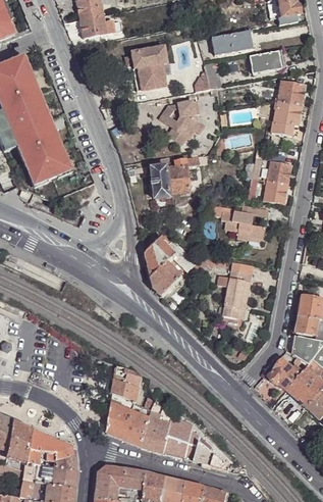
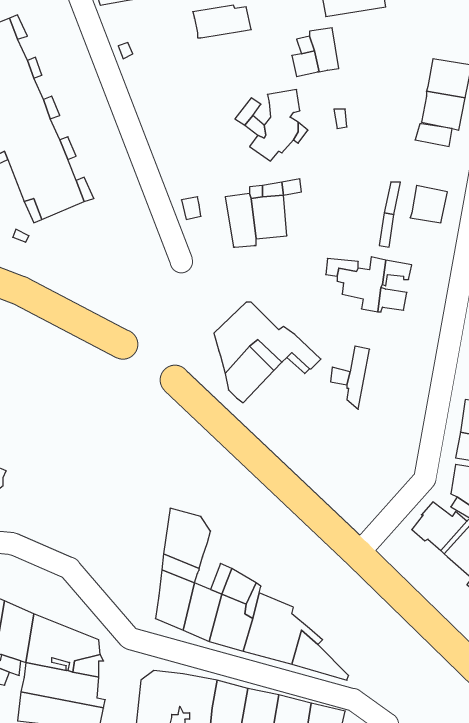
building: [250,51,282,73] -> none
building: [136,63,165,90] -> none
building: [264,181,286,204] -> none
building: [222,263,253,318] -> none

